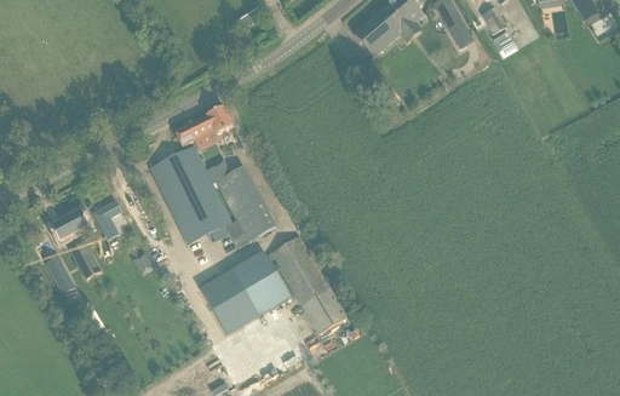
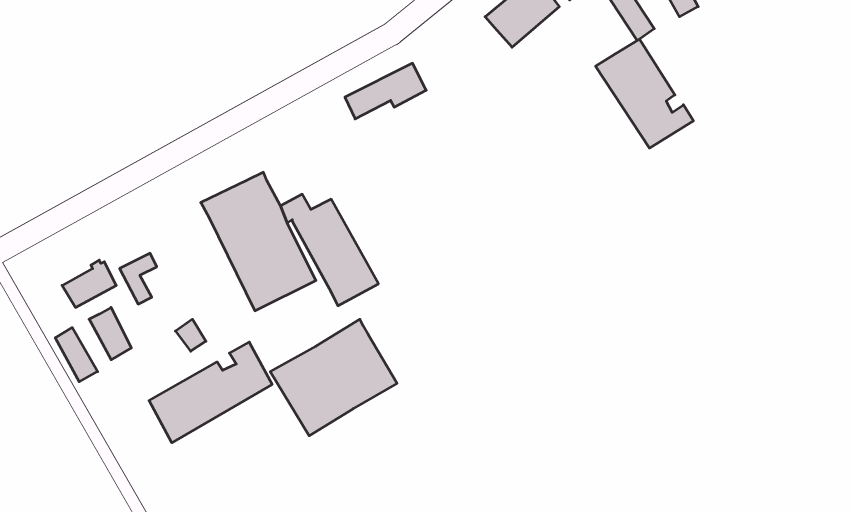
building: none -> [596,39,693,148]
building: [174,107,232,147] -> [345,63,426,119]
building: [266,235,348,334] -> none
building: none -> [149,342,272,443]

